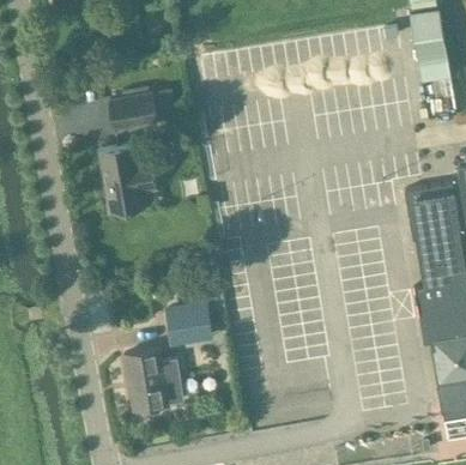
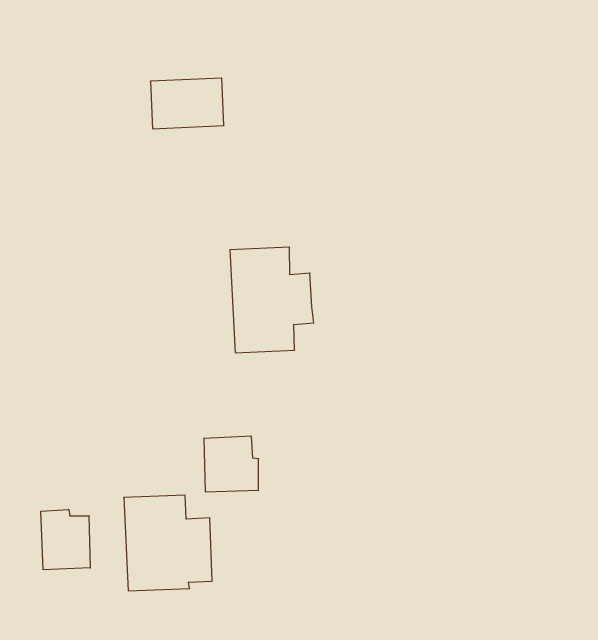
building: [99,145,156,213] -> [230,247,314,353]
building: none -> [41,509,90,570]

